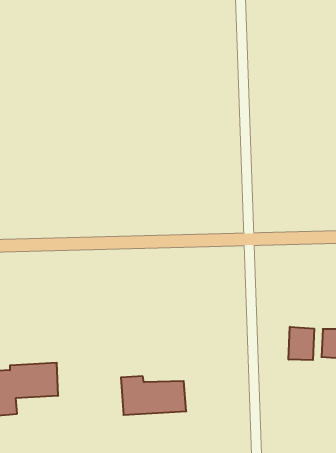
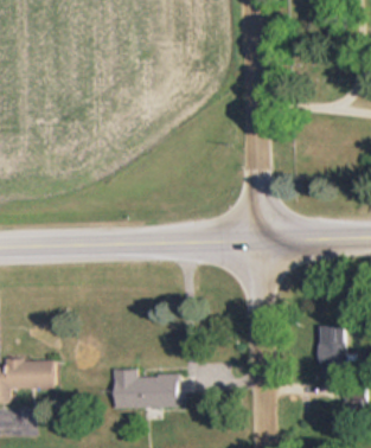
building: [289,327,314,360] -> none

